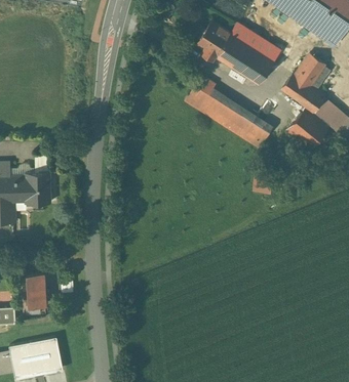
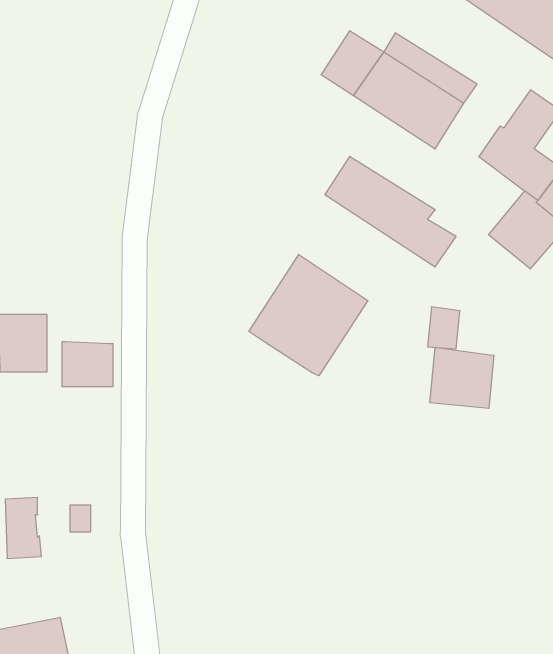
building: [184,77,214,111] -> none
building: none -> [249,254,368,376]
building: none -> [62,342,113,387]
building: none -> [430,347,494,408]

